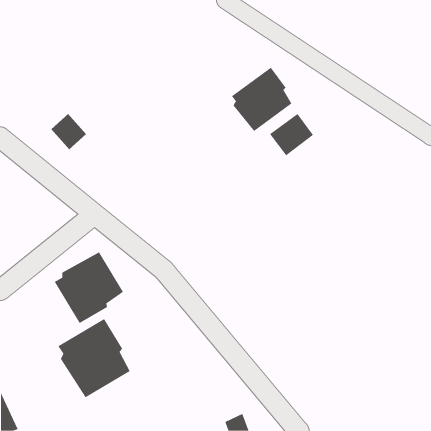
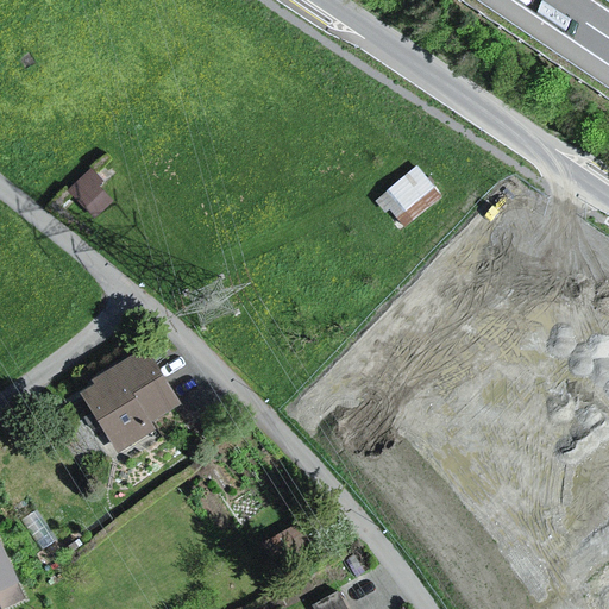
building: [231,67,292,132] -> none
building: [58,318,130,398] -> none

